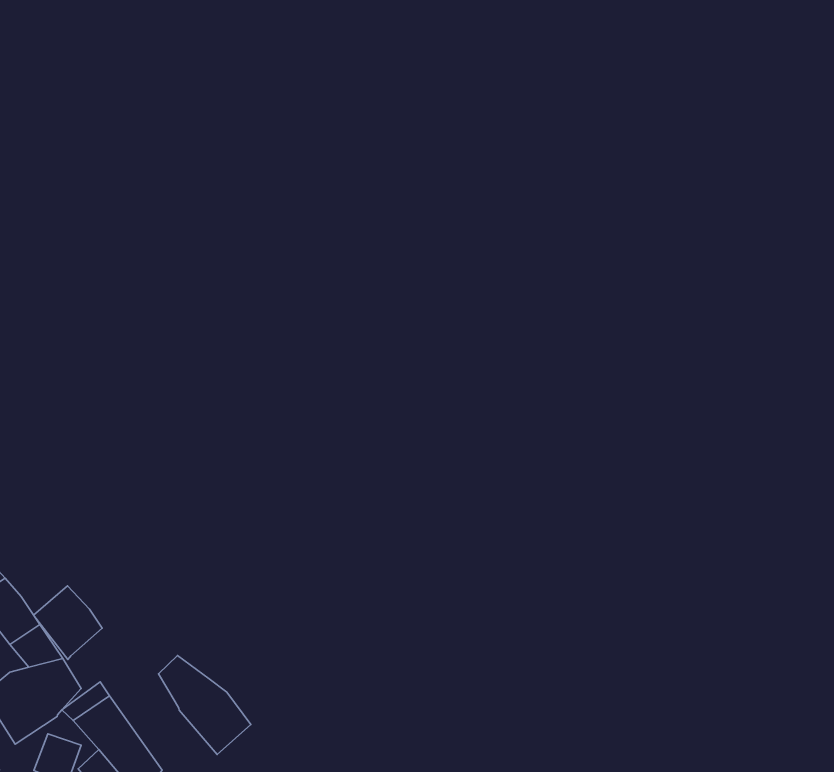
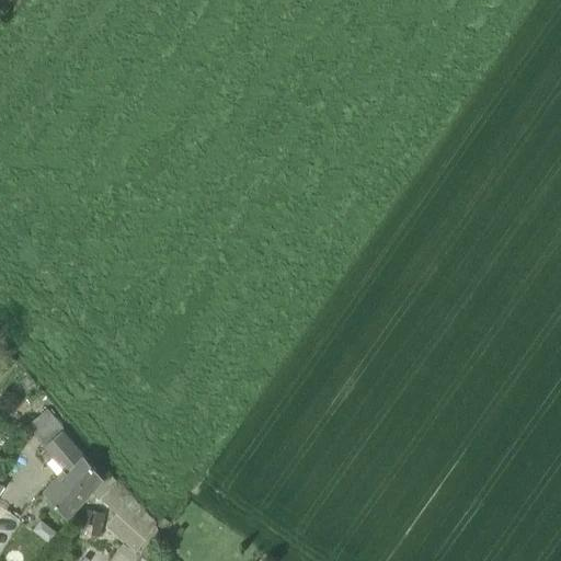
building: [34,586,102,660] -> none
building: [158,655,251,754] -> none

